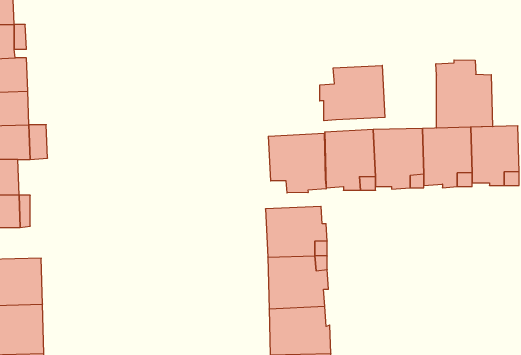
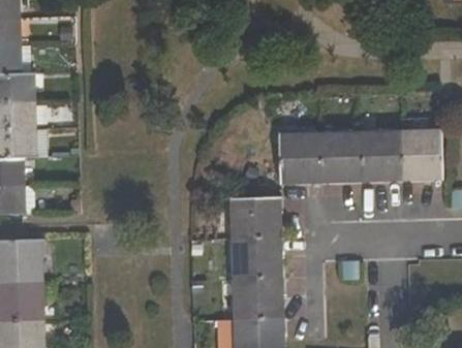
building: [436,60,493,128] -> none
building: [320,65,385,121] -> none
building: [268,133,326,193] -> none

